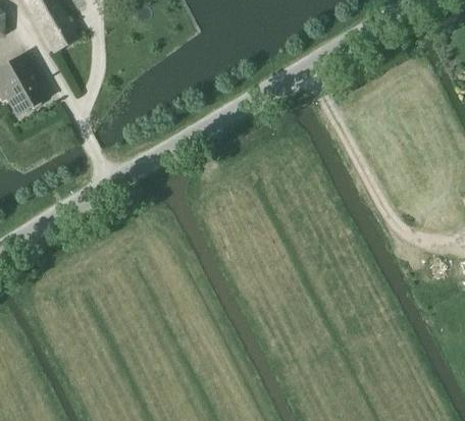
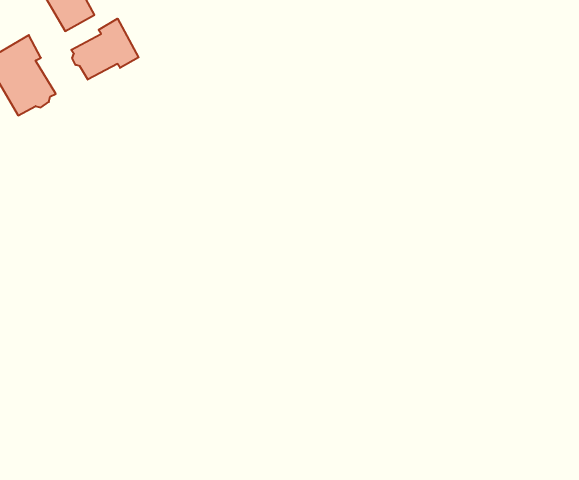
building: none -> [71,19,139,80]

